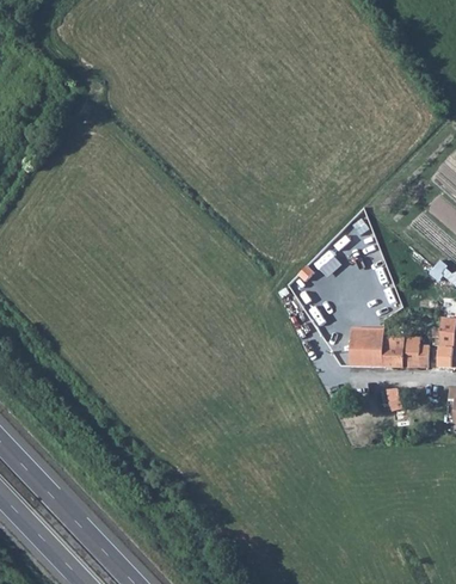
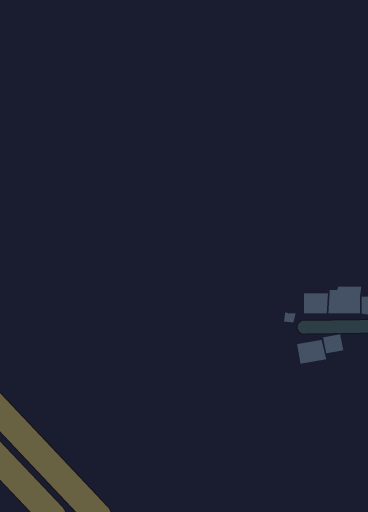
building: none -> [296,339,327,365]

